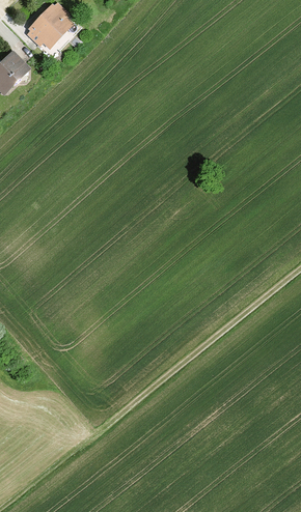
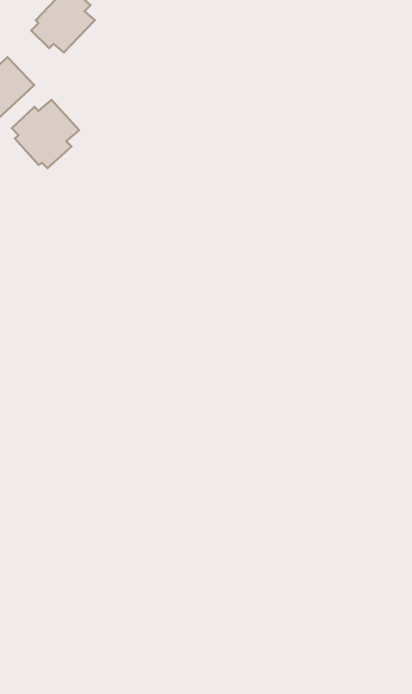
building: none -> [12,100,79,168]

